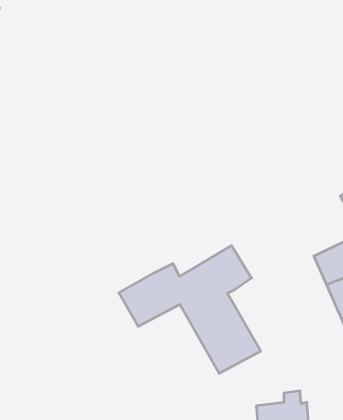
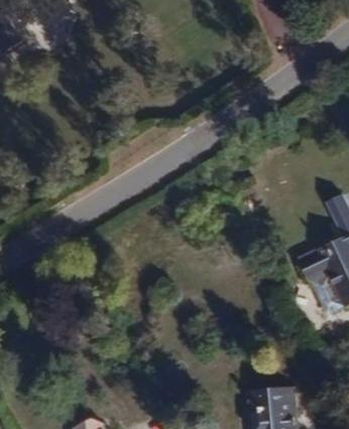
building: [119,246,261,373] -> none

